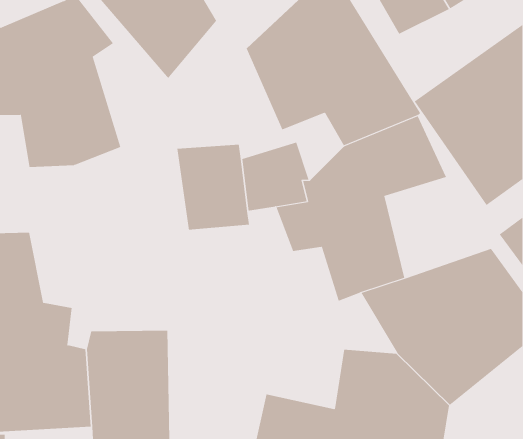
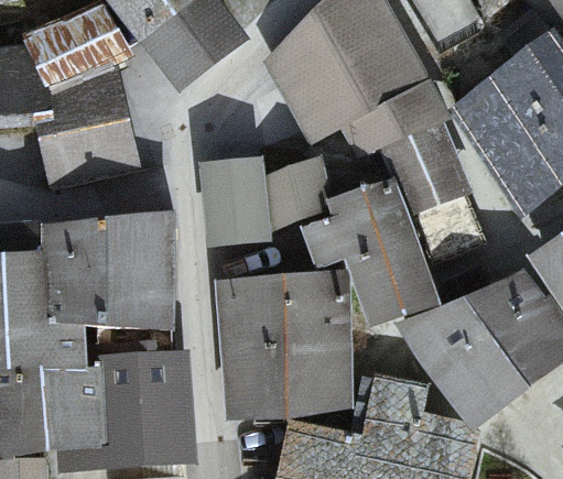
building: none -> [43,216,180,327]
building: none -> [206,264,355,417]

